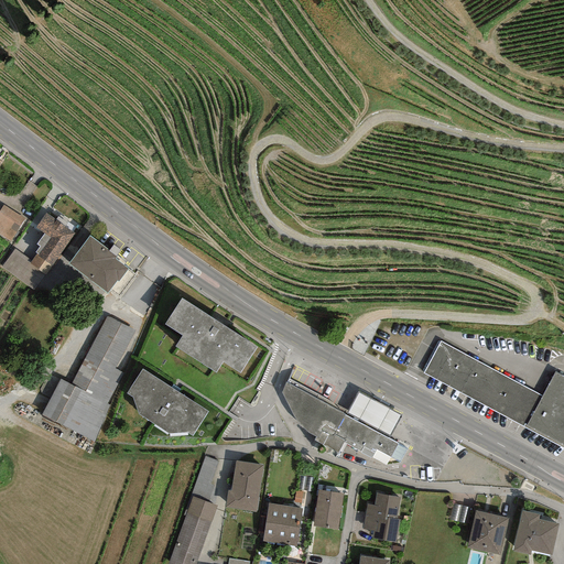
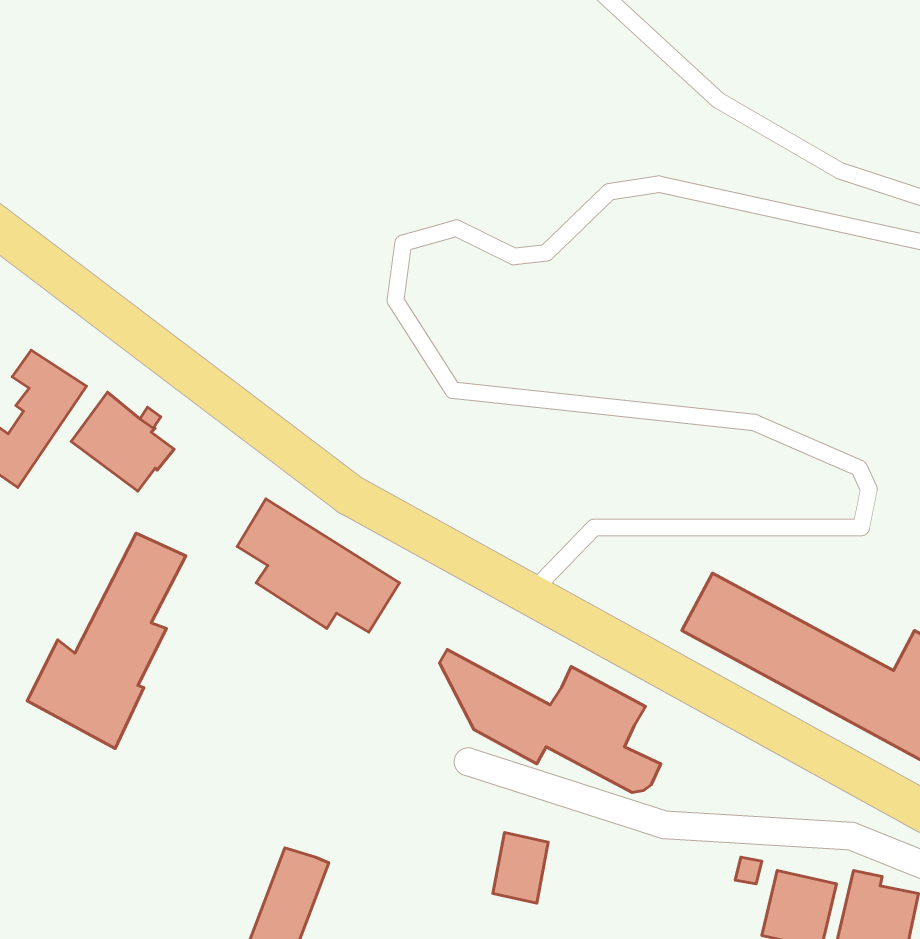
building: [126,368,207,434] -> none
building: [192,455,218,502] -> none
building: [225,459,262,510] -> none
building: [361,492,398,540] -> none
building: [262,502,303,543] -> none

